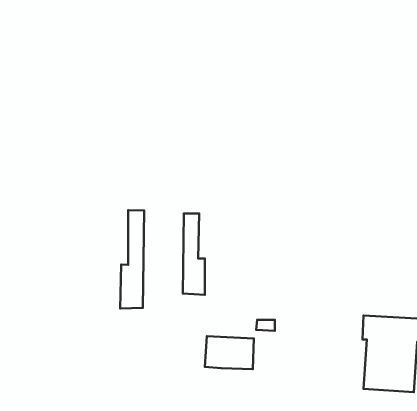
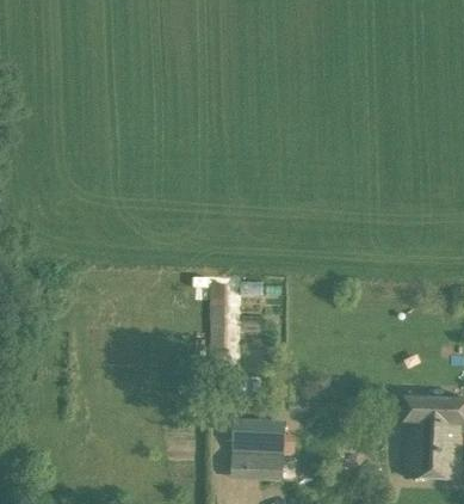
building: [120,210,144,309] -> none
building: none -> [249,450,285,479]

